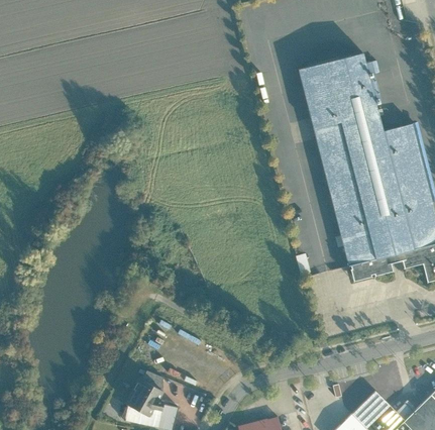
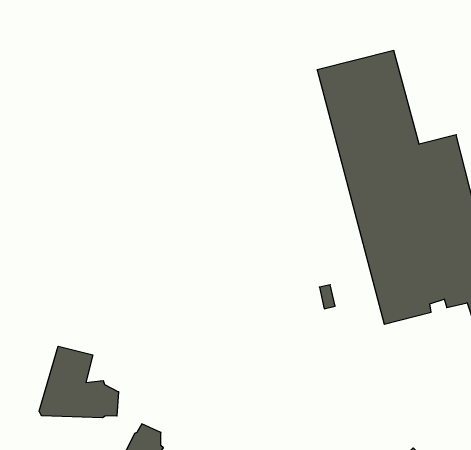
building: none -> [39,346,119,418]

